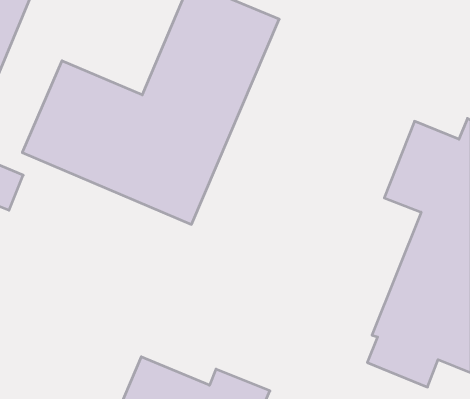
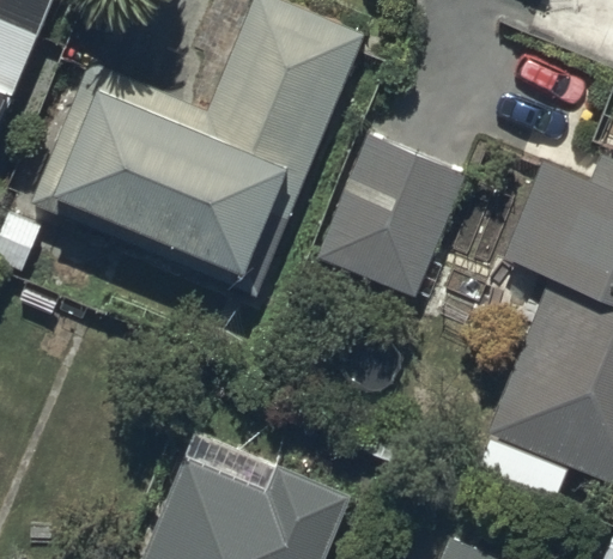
building: none -> [321,138,468,299]

